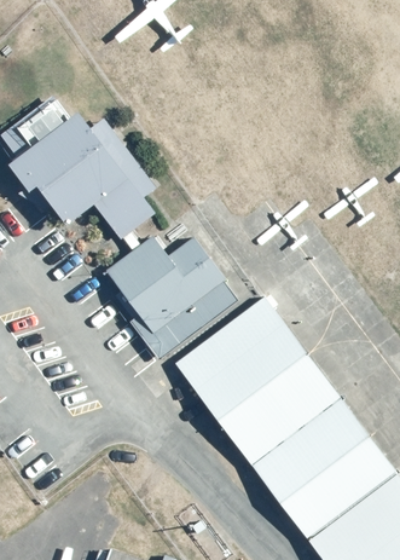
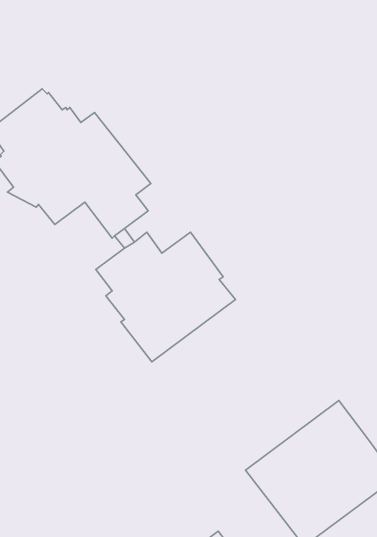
building: [175,296,341,466] -> none

